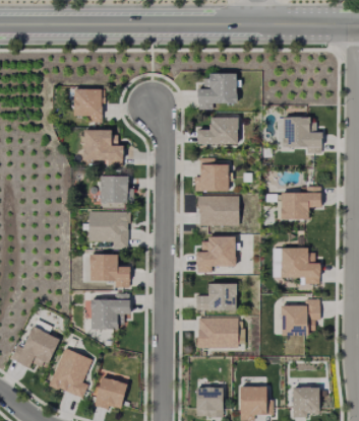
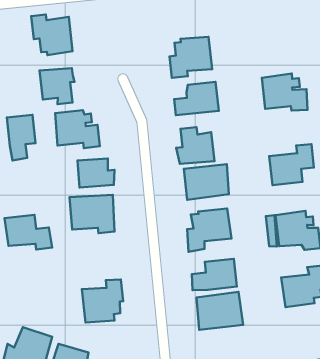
building: none -> [31,15,72,55]
building: none -> [7,115,35,160]
building: [89,254,131,286] -> [5,215,52,249]

